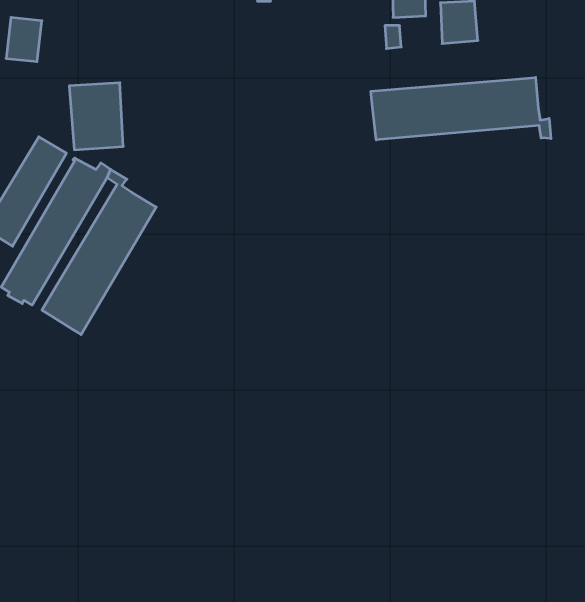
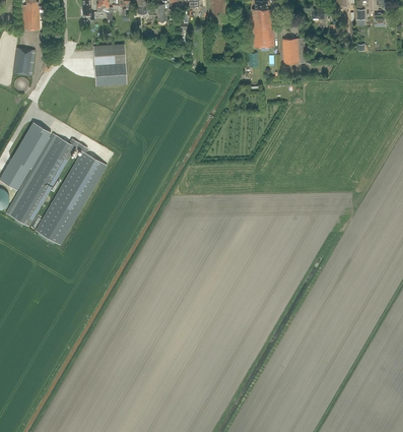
building: [371,77,551,140] -> none
building: [69,83,123,150] -> [92,44,126,85]

